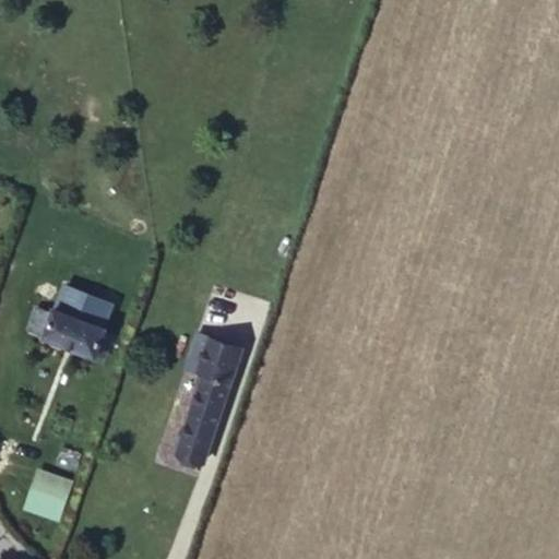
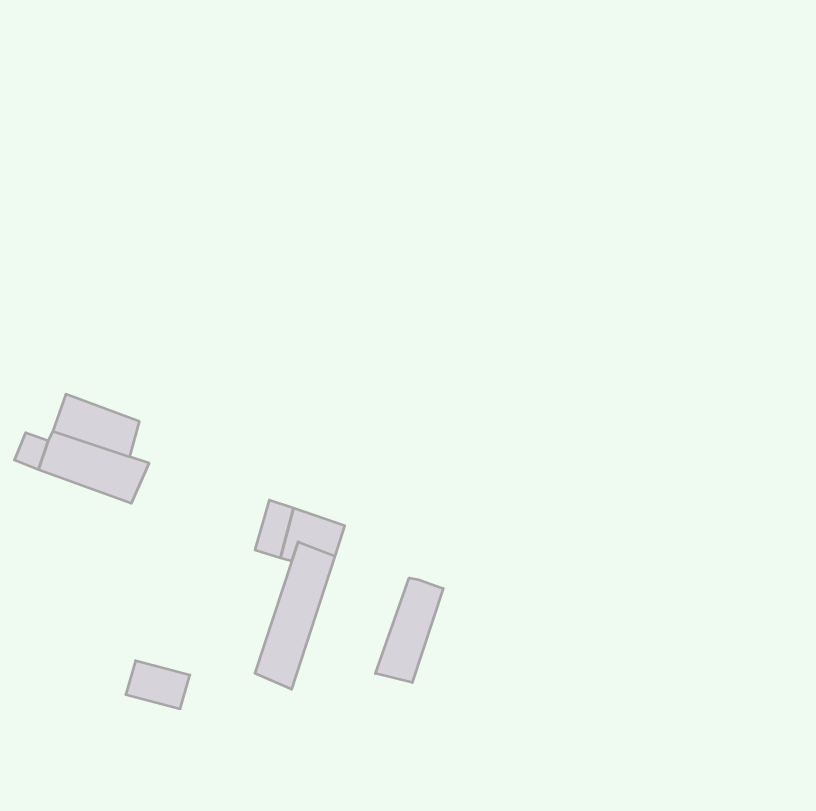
building: none -> [375,578,443,683]
building: [34,475,78,508] -> [126,661,190,709]

